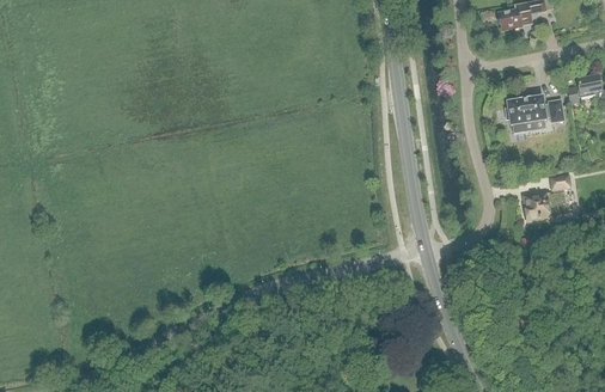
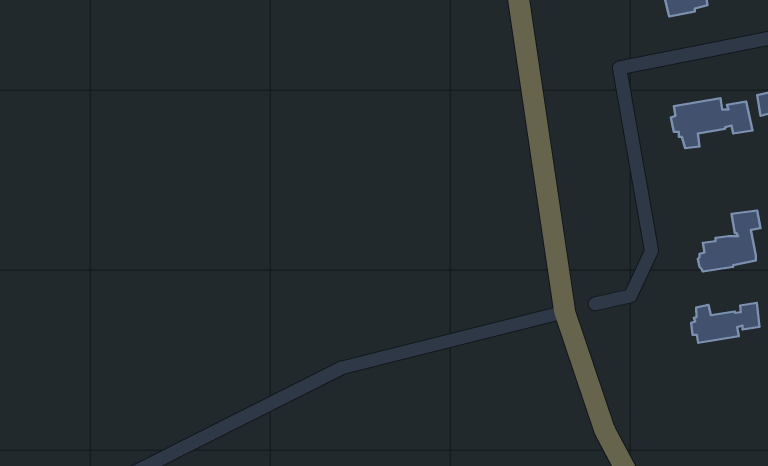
building: none -> [691,303,759,343]

